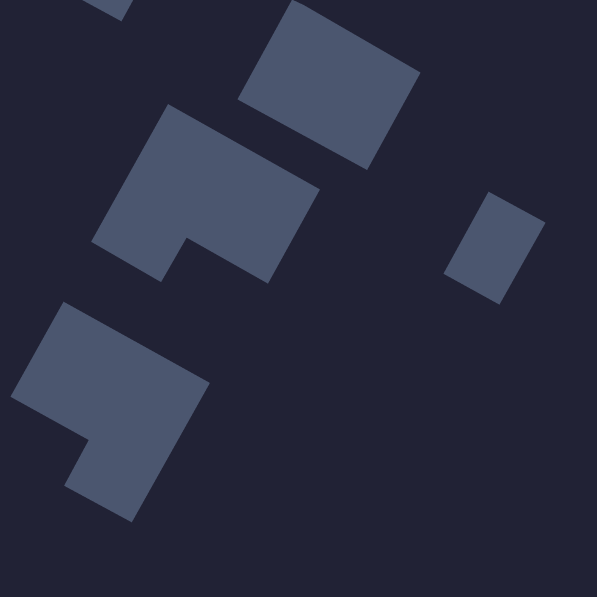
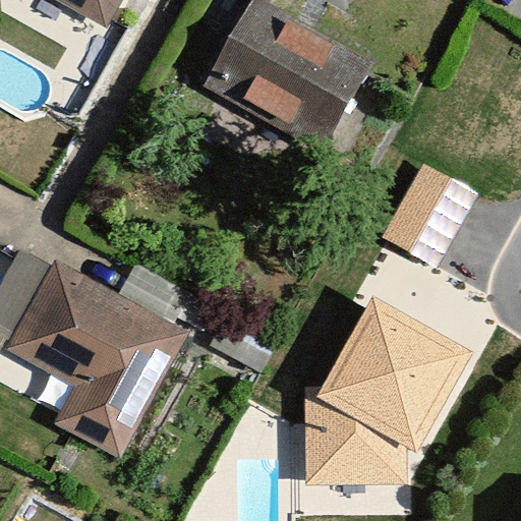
building: [90,103,321,284] -> none
building: none -> [306,299,466,478]

